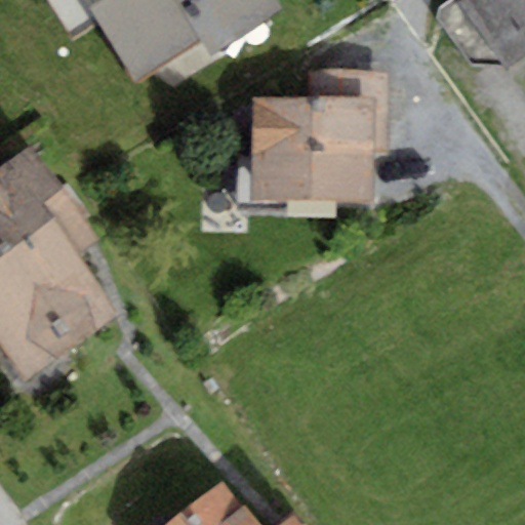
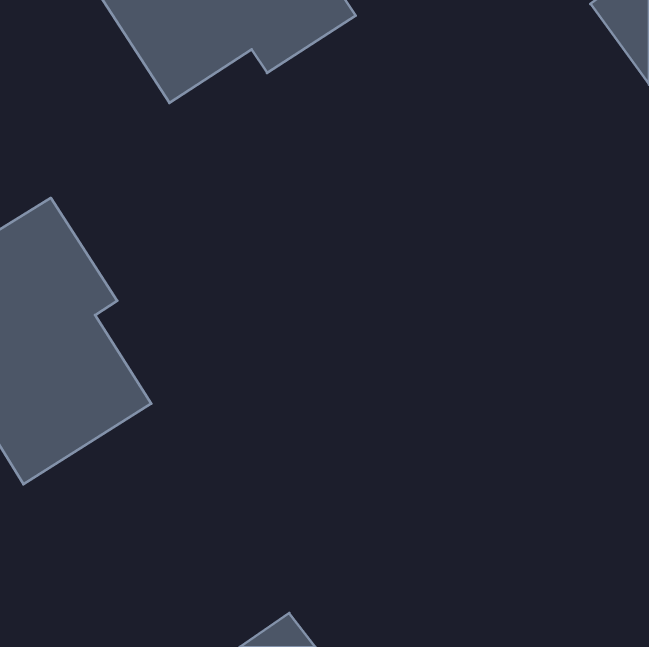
building: [249,72,387,202] -> none

